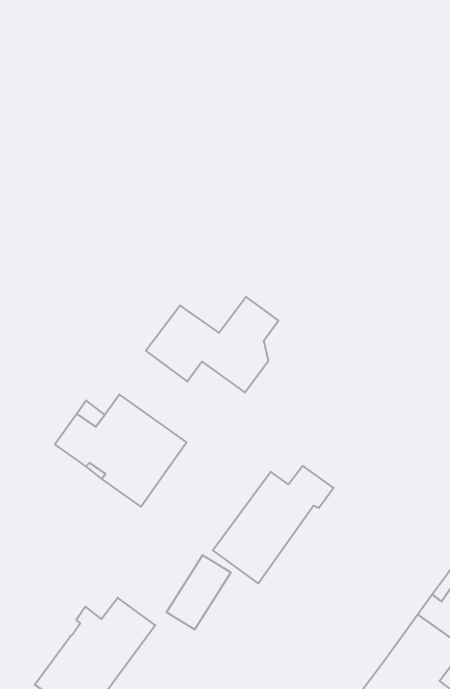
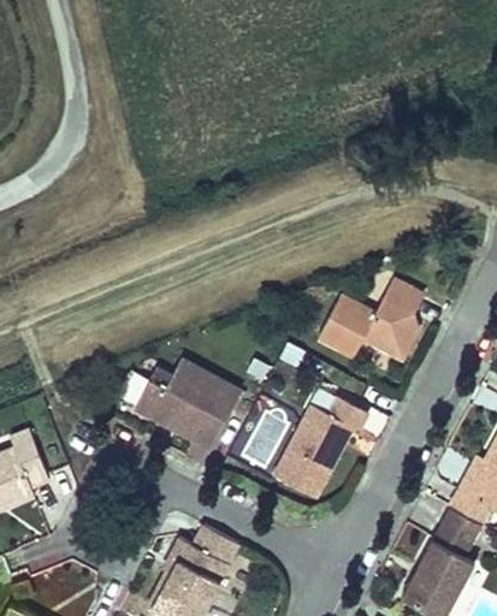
building: [146,297,278,393] -> [316,282,421,360]
building: [166,555,231,629] -> [239,407,288,468]

